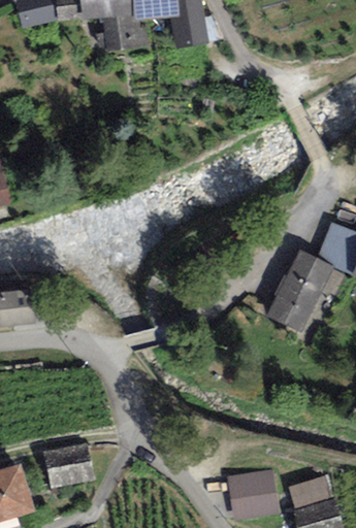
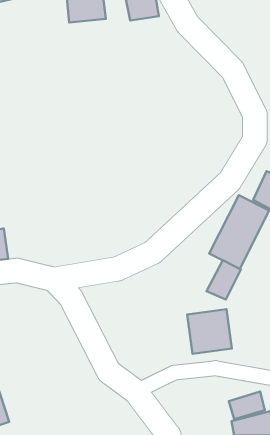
building: none -> [207,260,241,300]
building: [43,442,93,488] -> none
building: [228,469,280,521] -> [187,309,232,354]

